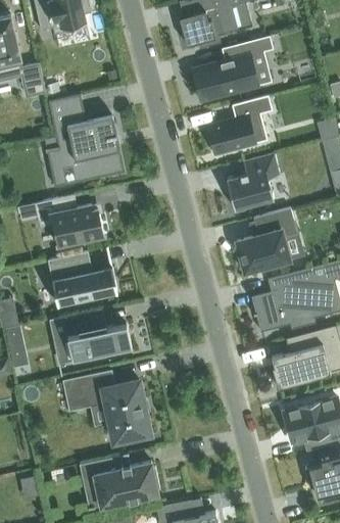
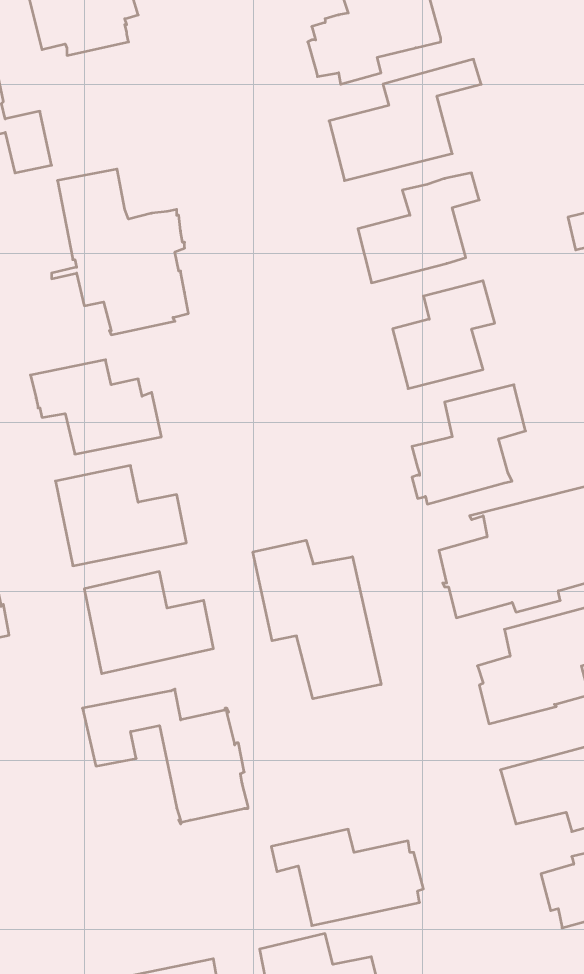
building: none -> [253,540,381,699]
building: [80,457,160,508] -> [271,829,423,926]

